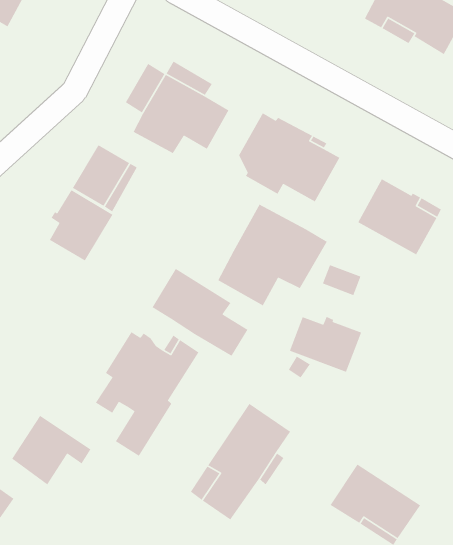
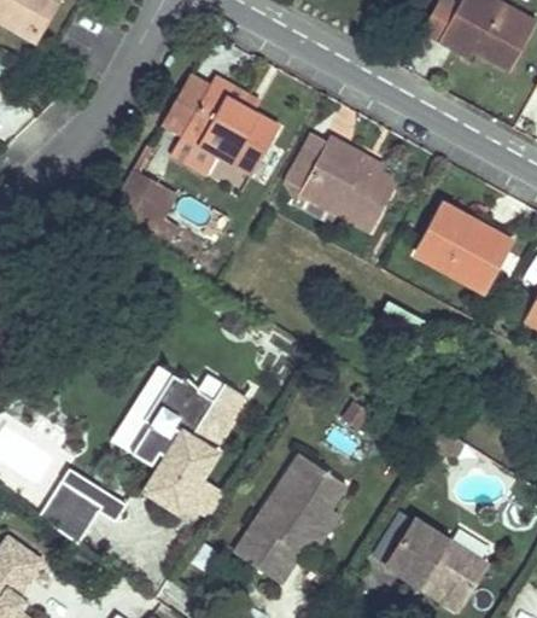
building: [49,189,113,262] -> none
building: [217,204,328,306] -> none
building: [151,268,248,357] -> none
building: [289,316,362,373] -> none

